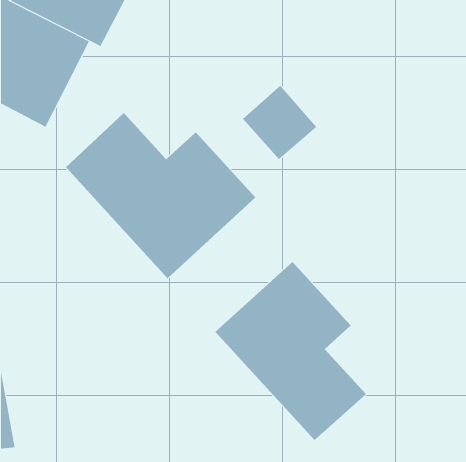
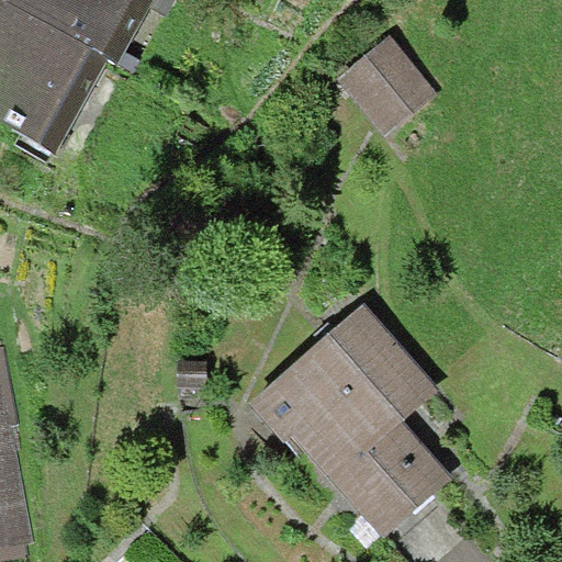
building: [242,85,317,160] -> [339,38,429,128]
building: [65,112,256,279] -> none

